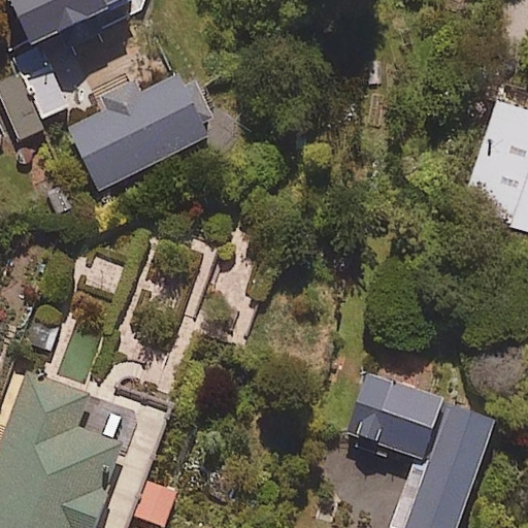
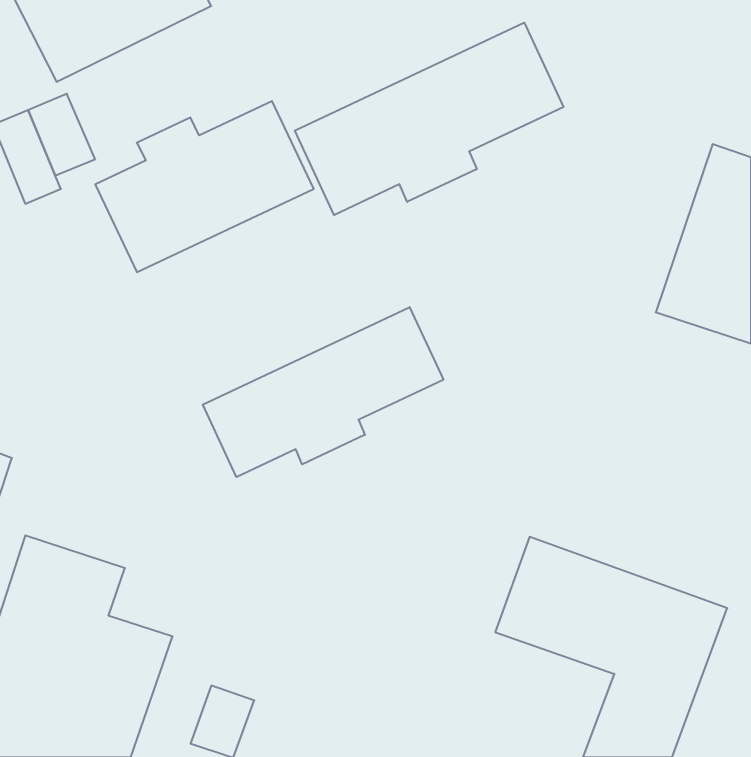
building: none -> [295,23,564,215]
building: none -> [203,307,443,477]

